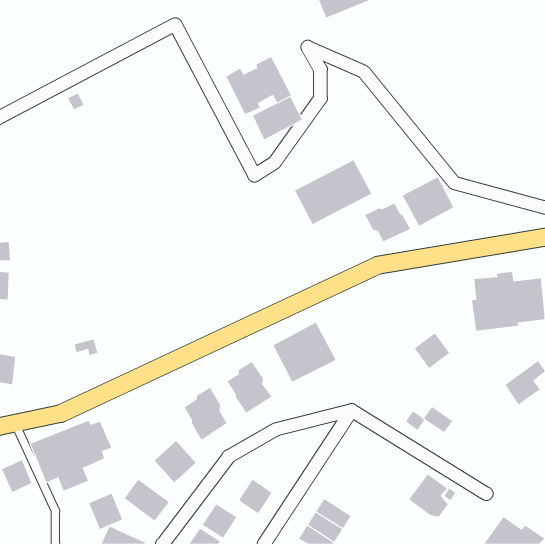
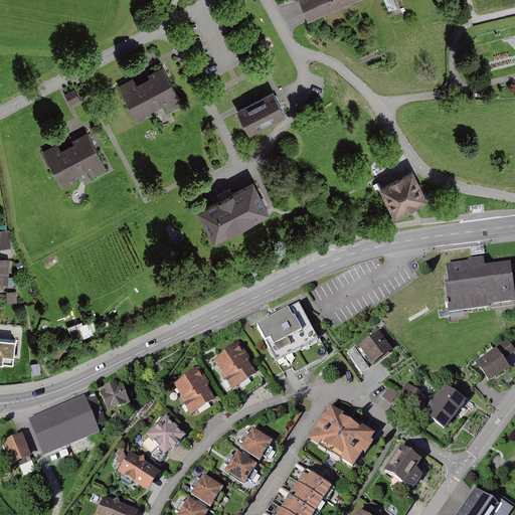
building: [226,56,292,115] -> [119,64,181,120]
building: none -> [42,130,106,185]
building: [294,159,372,225] -> [196,178,270,239]
building: [365,203,411,242] -> none
building: [414,333,450,369] -> [358,331,392,365]
building: none -> [99,382,129,412]
building: none -> [423,384,466,428]
building: none -> [308,404,374,467]
building: none -> [238,427,273,461]
building: [89,493,123,530] -> none

